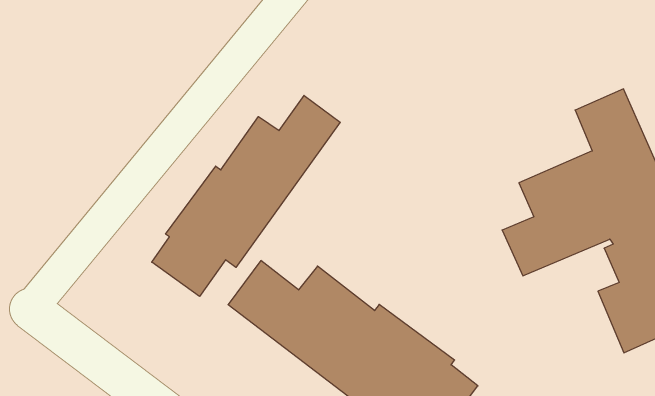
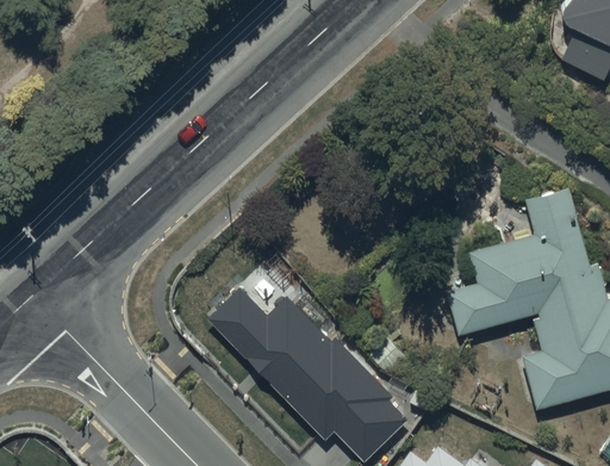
building: [152,95,340,296] -> none

